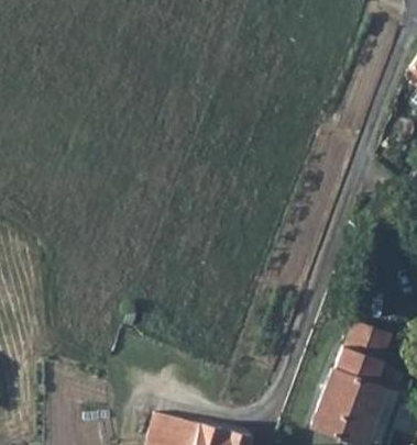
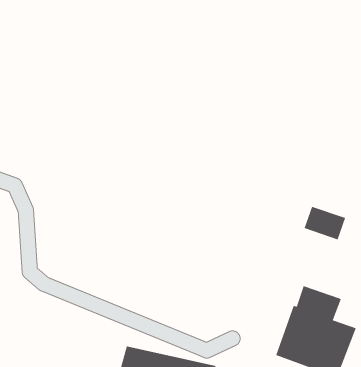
building: [349,323,396,361] -> [304,206,346,241]

